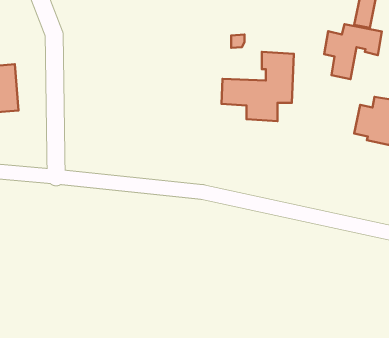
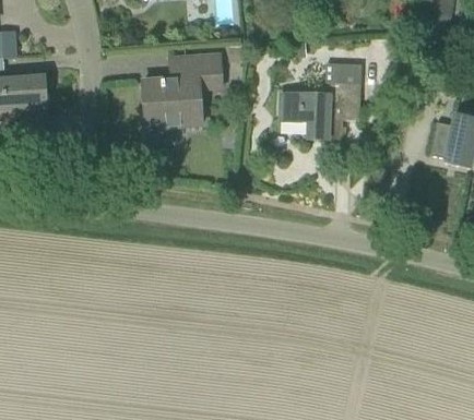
building: [324,24,382,79] -> none
building: none -> [143,53,222,128]

